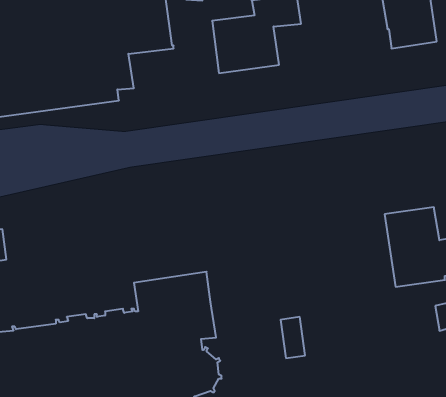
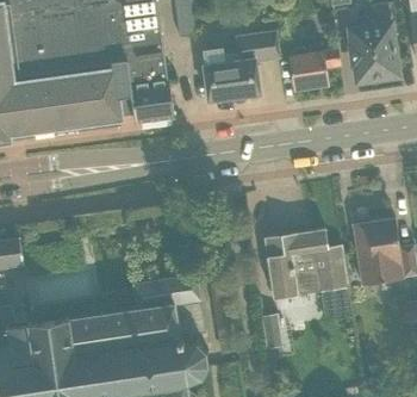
building: none -> [288,51,340,89]
building: none -> [129,80,174,123]
building: none -> [263,228,348,298]

